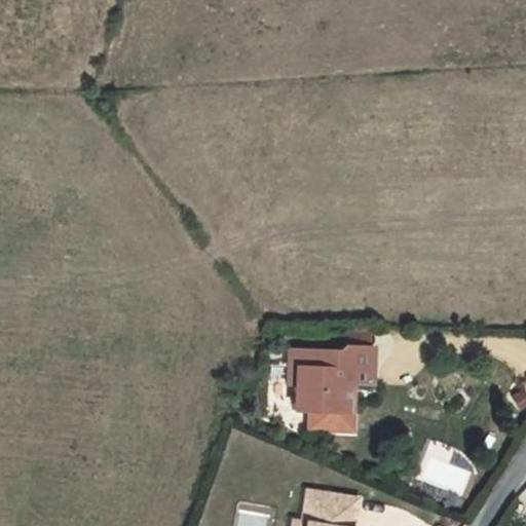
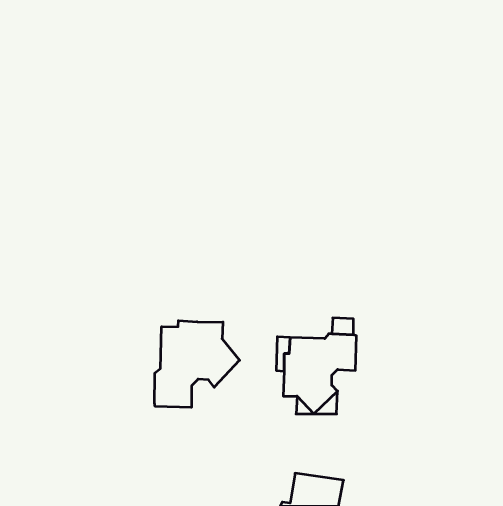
building: none -> [154,321,240,407]

